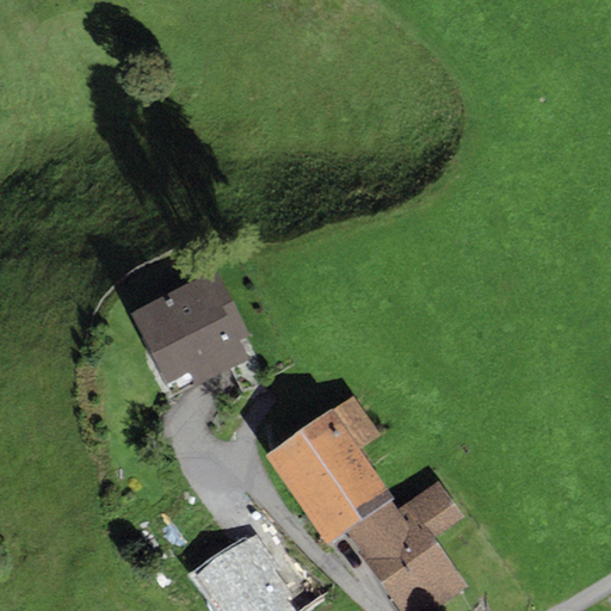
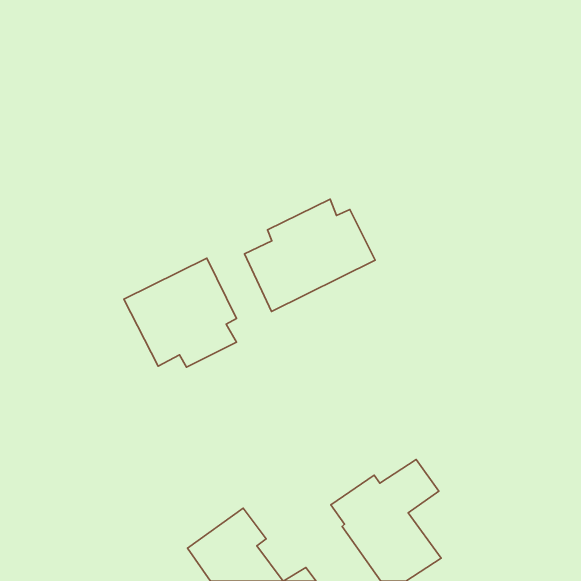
building: none -> [244,199,375,311]
building: [264,393,395,544] -> none

